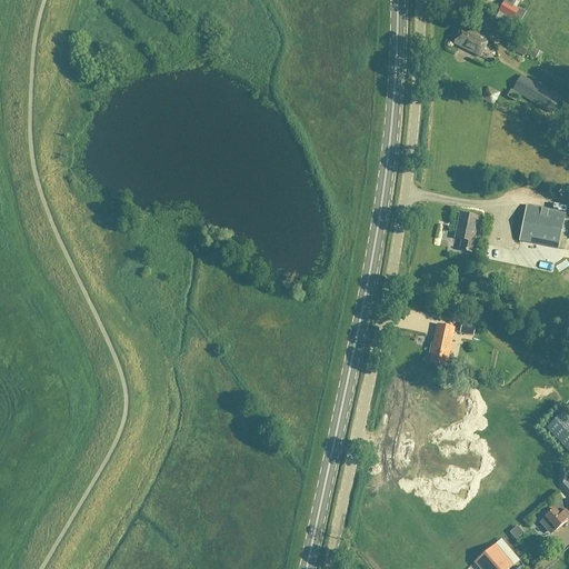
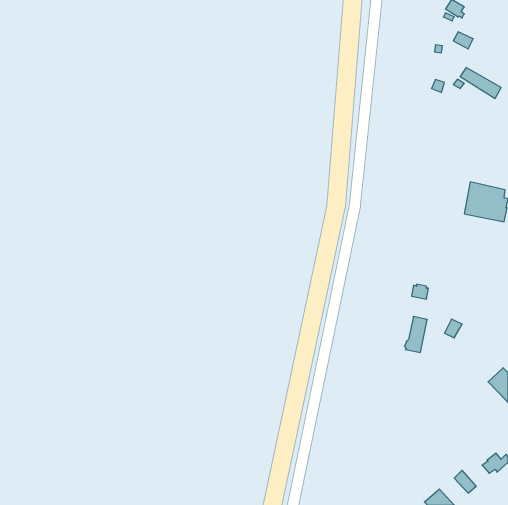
building: [453,24,489,54] -> none
building: [455,212,481,251] -> none
building: [428,323,453,363] -> [404,317,427,352]

